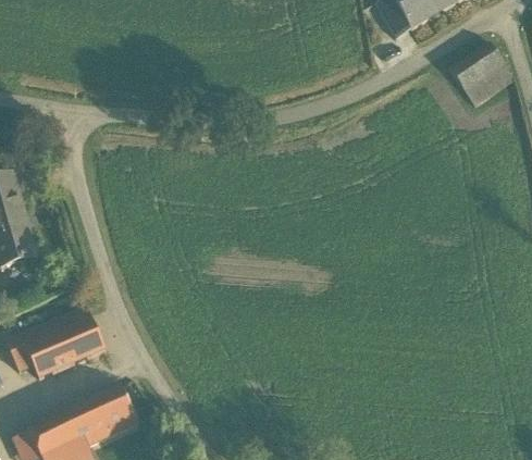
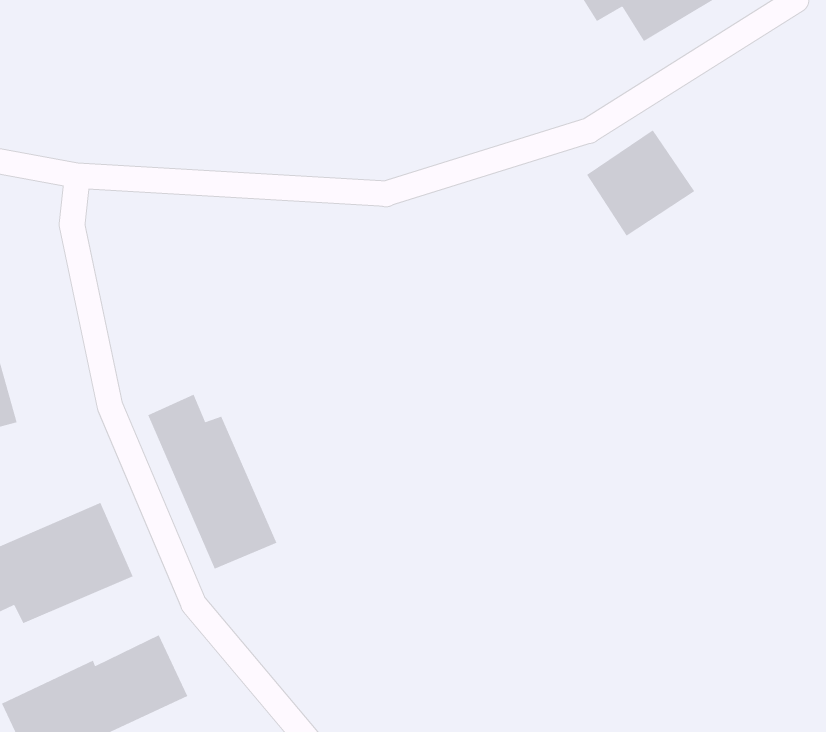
building: [448,42,514,107] -> [586,129,695,236]
building: none -> [147,394,277,569]

